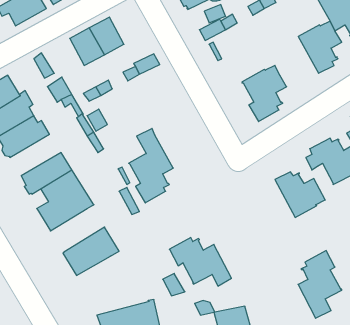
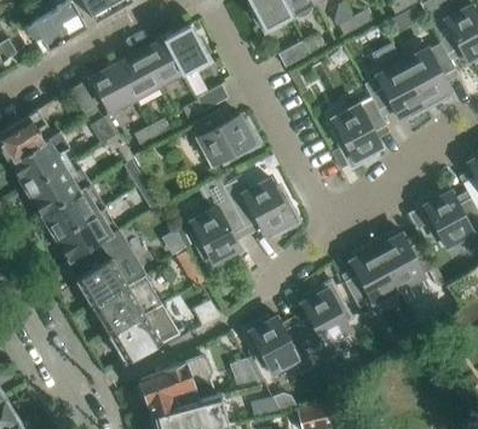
building: none -> [166,24,209,73]
building: none -> [364,44,427,120]
building: none -> [91,65,134,113]
building: none -> [192,109,261,165]
building: none -> [223,178,300,238]
building: none -> [41,185,105,239]
building: none -> [345,242,398,309]
building: none -> [92,275,160,333]
building: [298,251,342,318] -> [296,281,351,366]
building: none -> [138,356,215,412]

